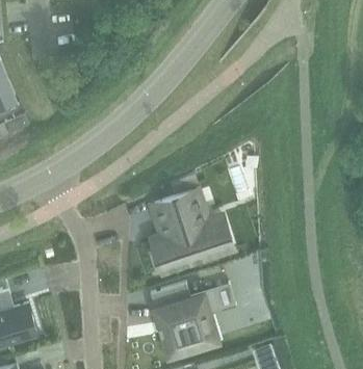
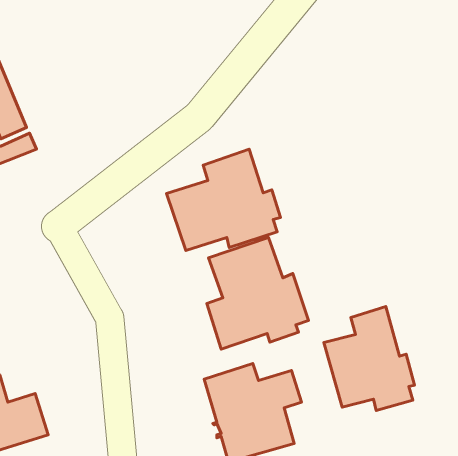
building: none -> [167,149,281,250]
building: none -> [324,307,415,411]

